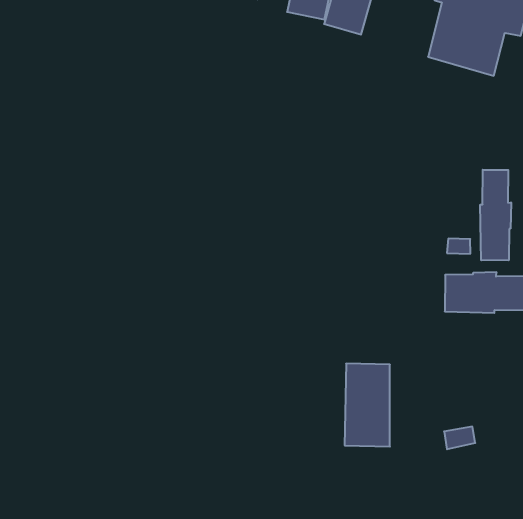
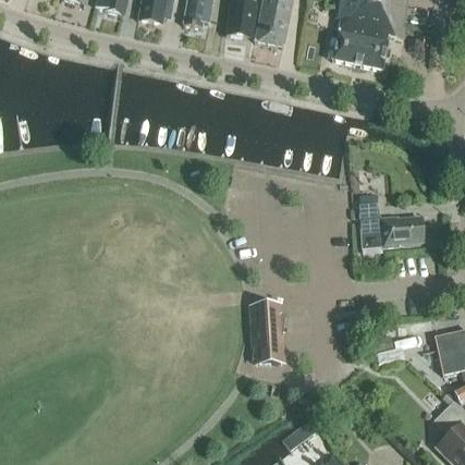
building: [480,170,511,260] -> none
building: [345,364,390,447] -> [248,302,286,365]

